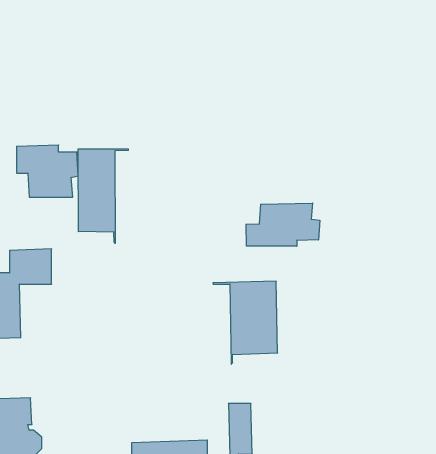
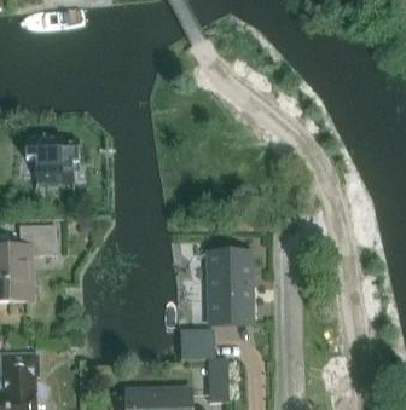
building: [78,149,128,243] -> none
building: [246,203,320,246] -> none
building: none -> [180,329,215,359]

